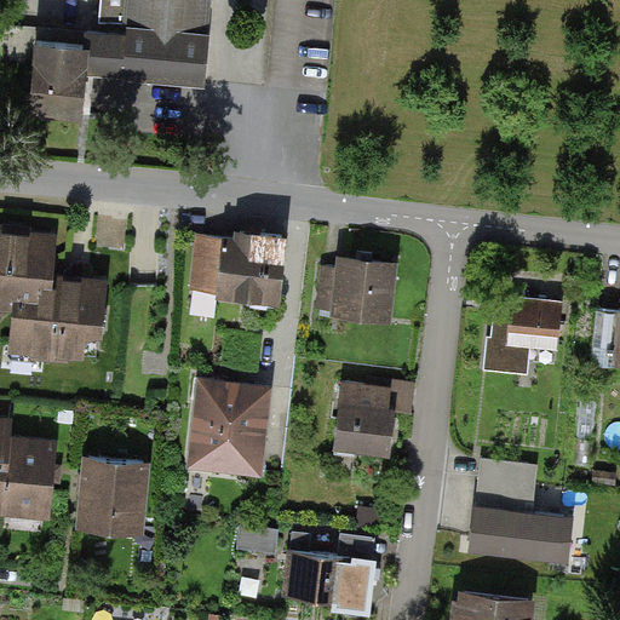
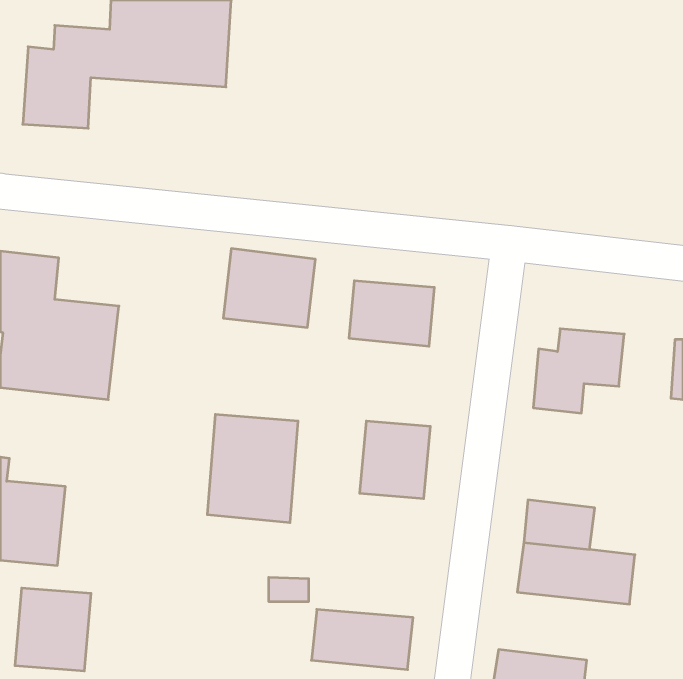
building: [79,457,148,532] -> [15,588,91,671]

